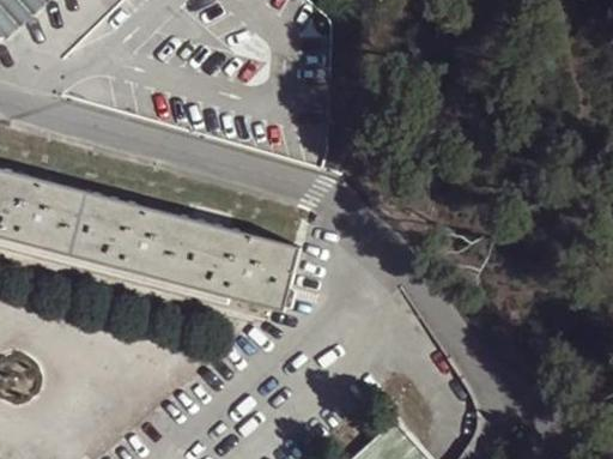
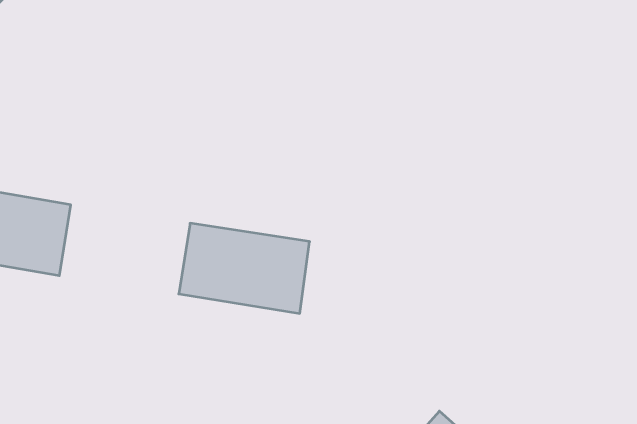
building: [67,197,189,286] -> none

